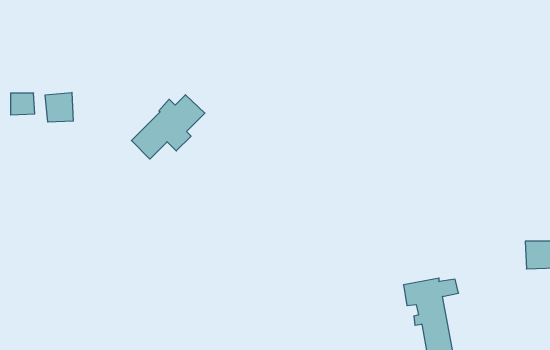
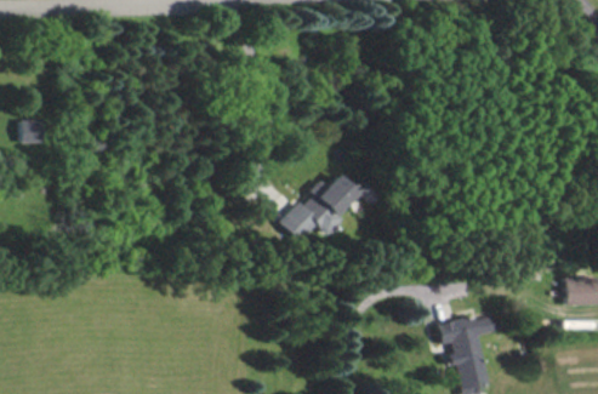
building: [45,92,73,122] -> none
building: [131,95,205,159] -> [280,175,358,242]

